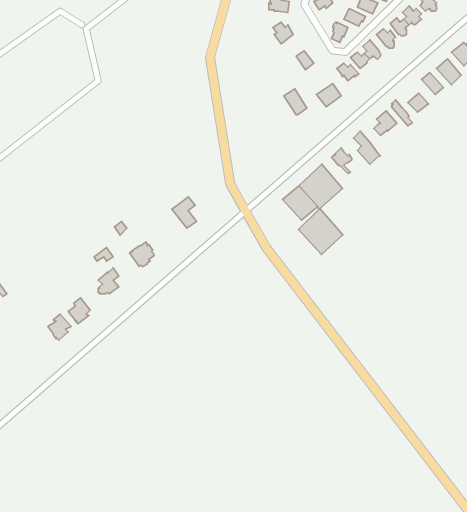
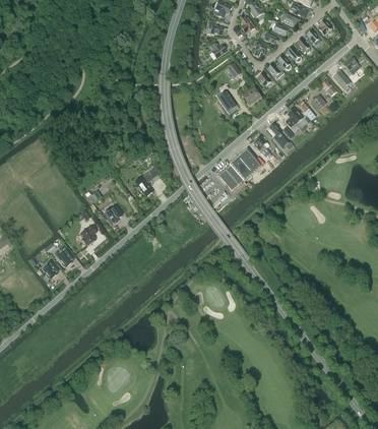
building: [299,209,343,254] -> none

